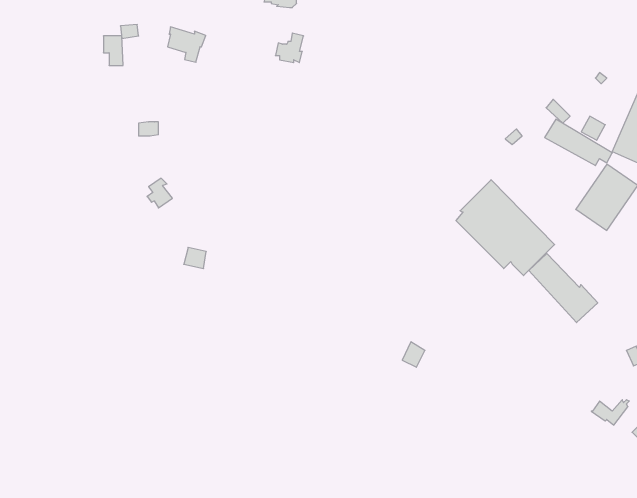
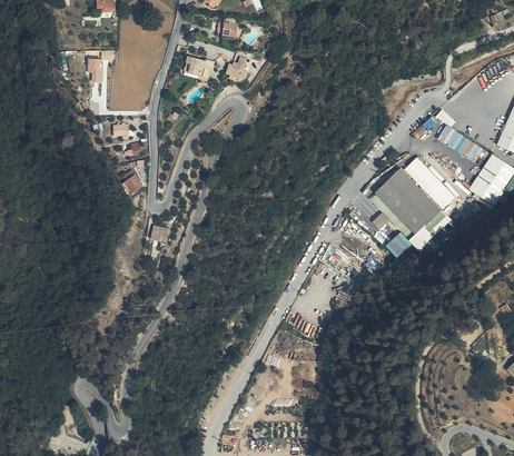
building: [168,27,206,62] -> [182,56,212,83]
building: [529,254,598,323] -> [405,155,459,209]

